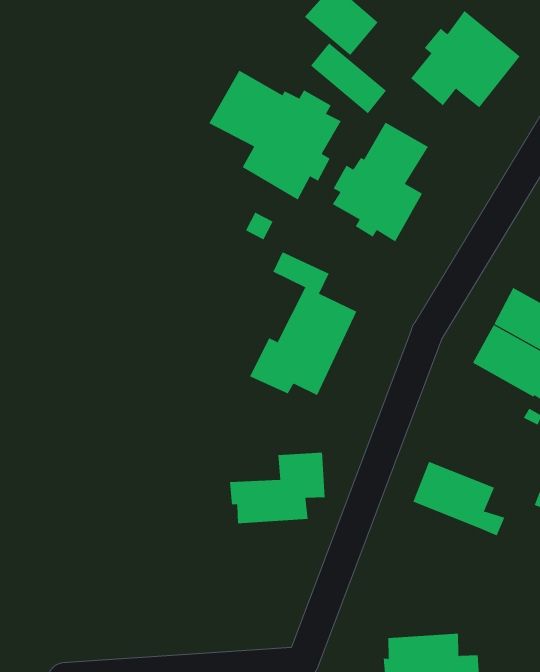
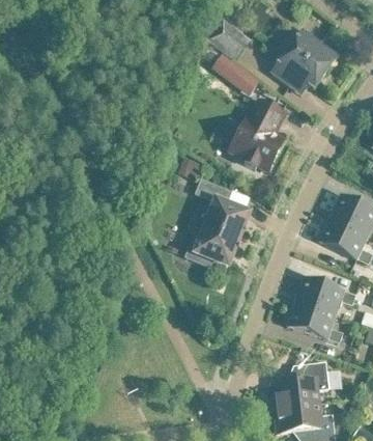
building: [209,70,341,201] -> none
building: none -> [295,276,355,313]
building: [229,452,325,524] -> [270,361,328,407]

